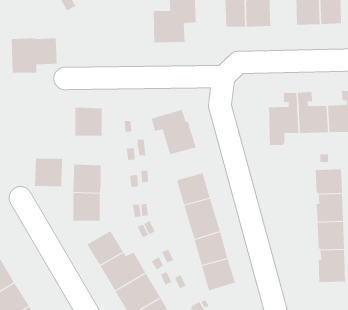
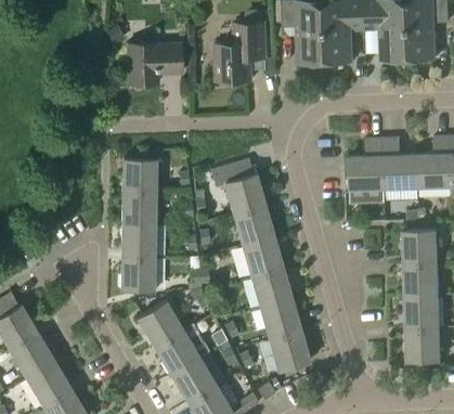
building: [11,38,58,73] -> [128,44,182,86]
building: none -> [234,205,273,243]
building: [34,158,63,187] -> [122,192,156,225]

